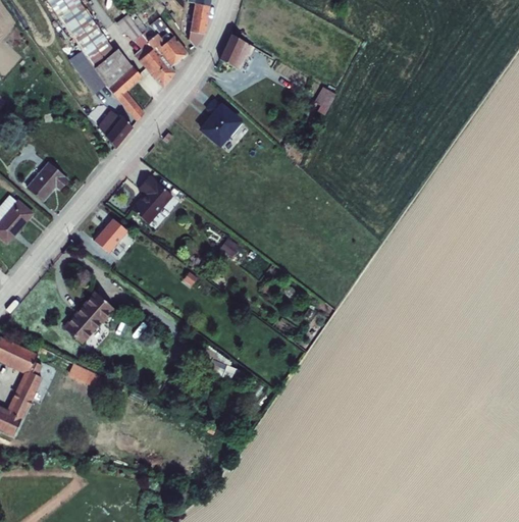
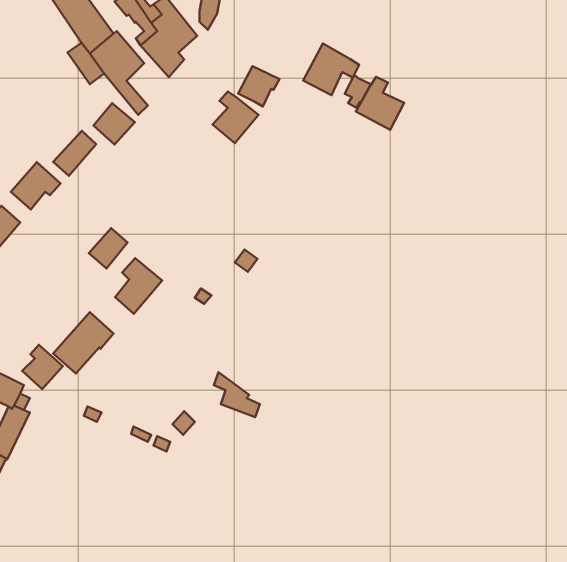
building: [218,35,254,69] -> [238,66,280,106]
building: none -> [303,44,359,95]
building: none -> [356,77,404,130]
building: none -> [53,131,96,176]
building: [132,175,172,223] -> [115,258,162,314]
building: none -> [22,345,63,389]

